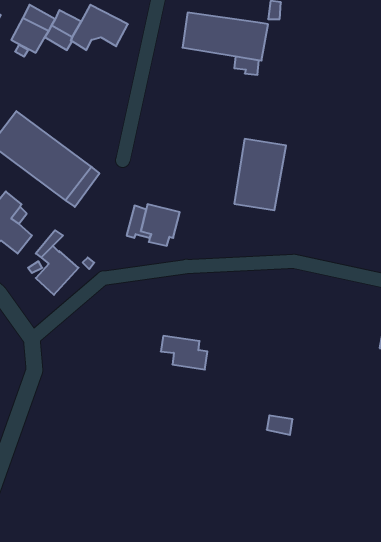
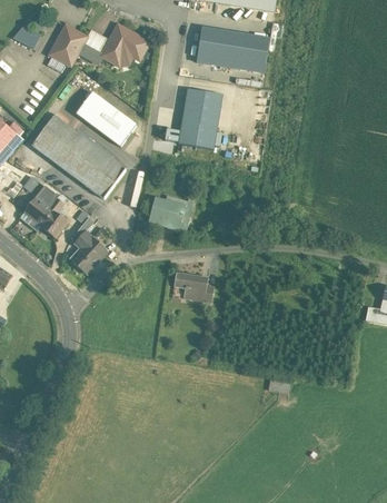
building: none -> [76,91,136,146]
building: [234,139,286,210] -> [178,88,222,149]
building: [161,336,207,370] -> [173,273,214,302]

